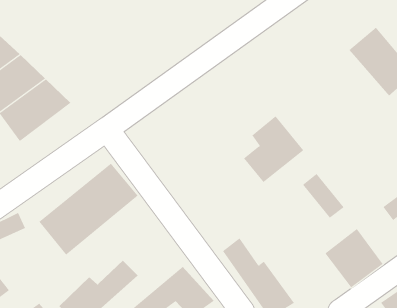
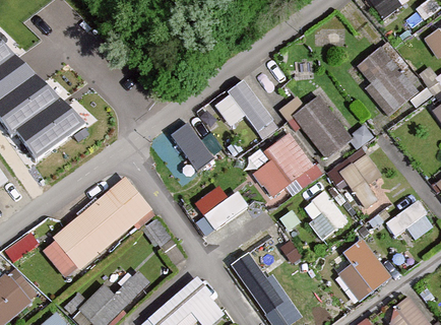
building: none -> [209,82,270,132]
building: none -> [294,99,353,159]
building: none -> [162,124,218,175]
building: none -> [336,156,389,210]
building: none -> [200,190,247,234]

